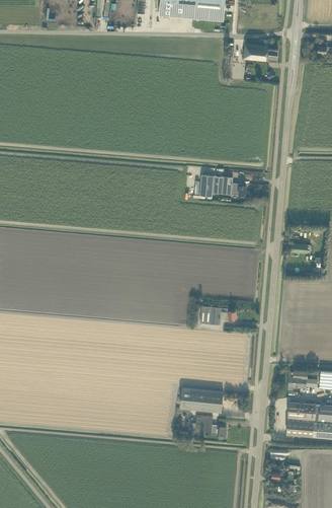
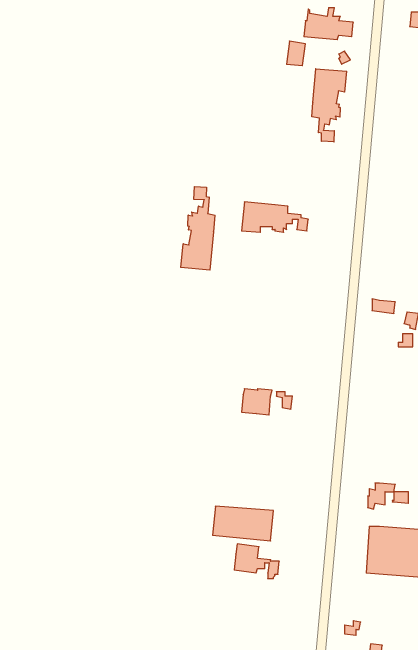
building: none -> [312,69,347,142]
building: none -> [181,187,215,270]

